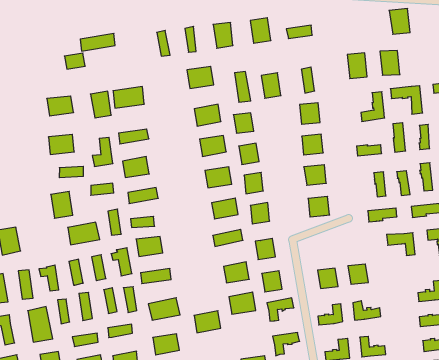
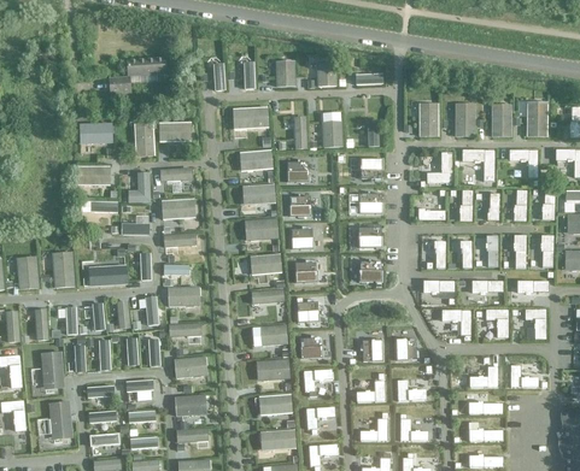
building: [389,9,410,34] -> [491,110,511,136]
building: [51,191,73,218] -> [52,259,74,287]
building: [194,311,221,333] -> [264,393,292,414]

